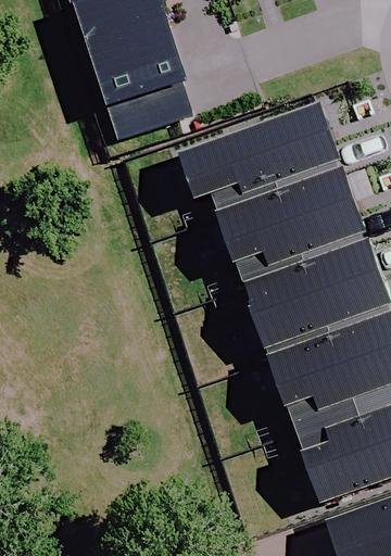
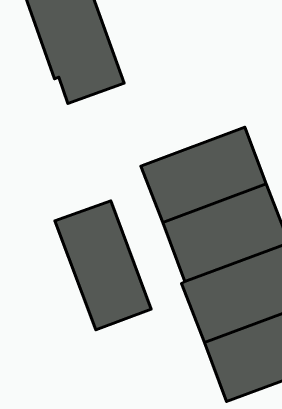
building: [177,102,341,211] -> none
building: none -> [55,201,151,330]

